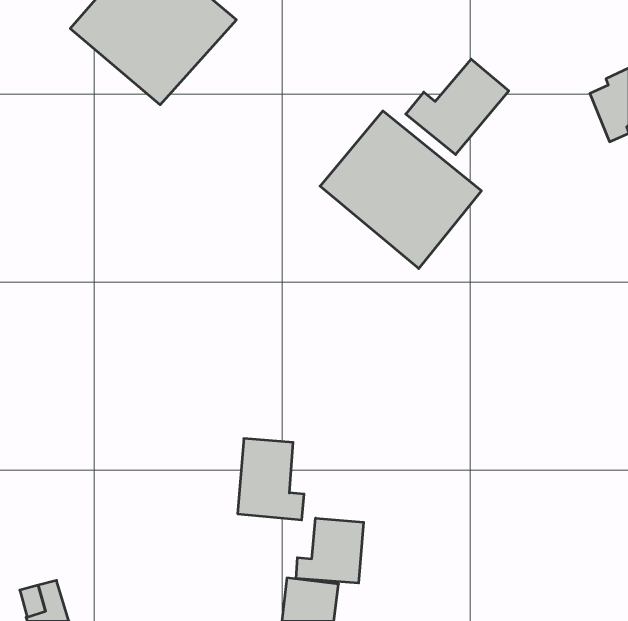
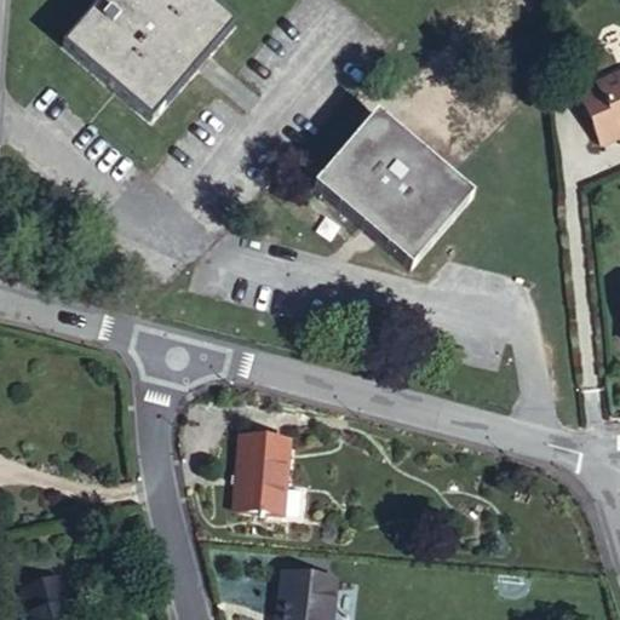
building: [406,59,509,155] -> none
building: [296,518,364,583] -> none

